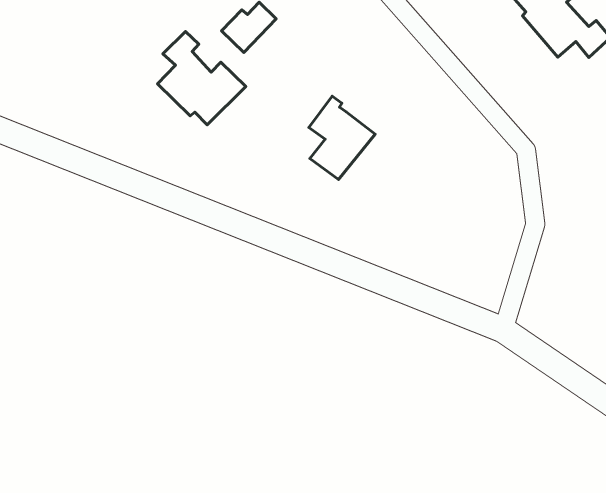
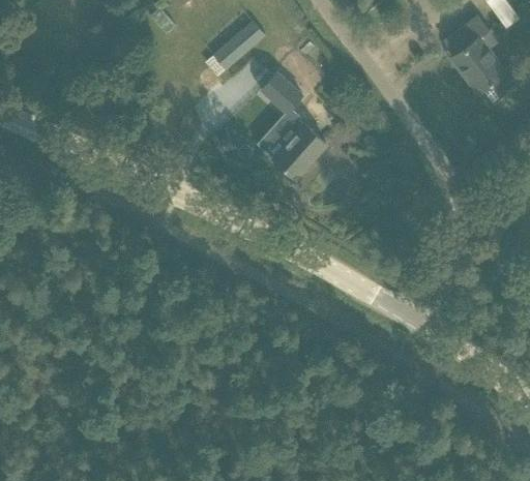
building: [158,31,246,125] -> none
building: none -> [260,72,302,113]

